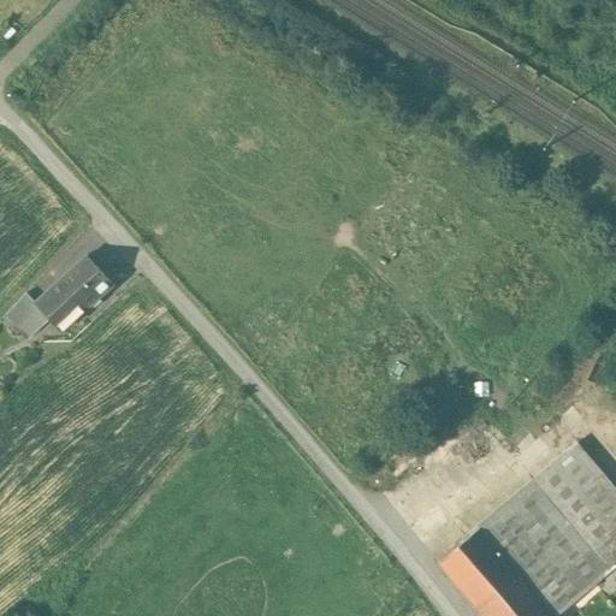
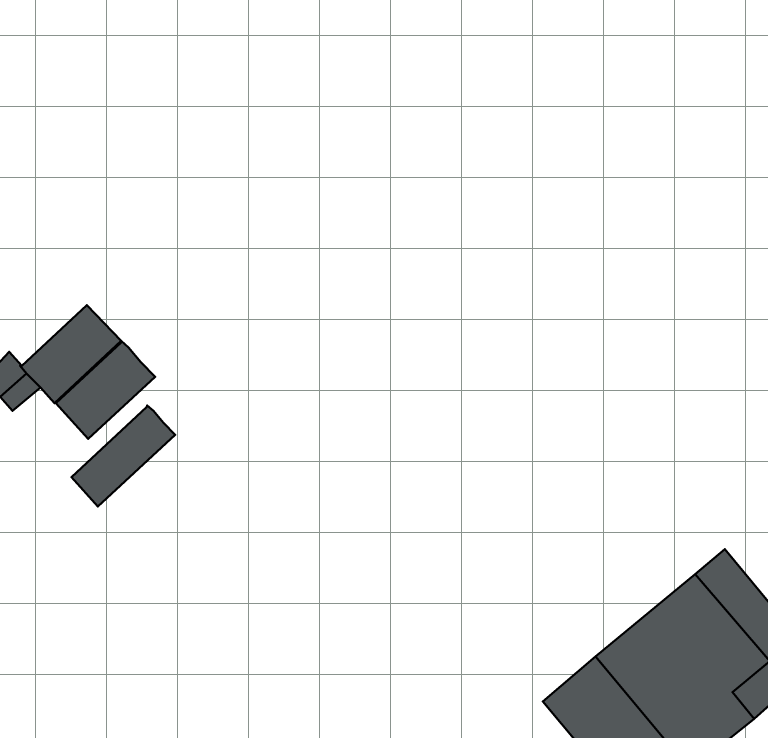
building: none -> [56,341,155,439]
building: none -> [72,405,175,507]

